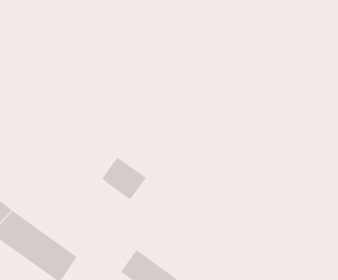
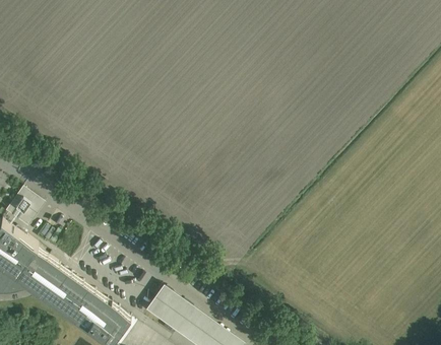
building: [101,157,147,200] -> [147,284,198,333]

